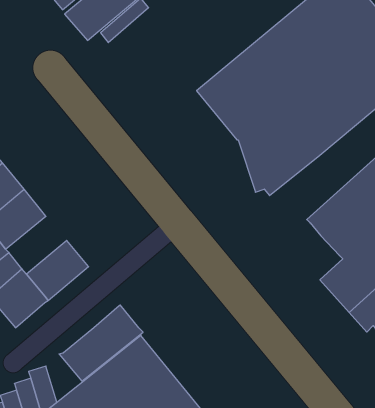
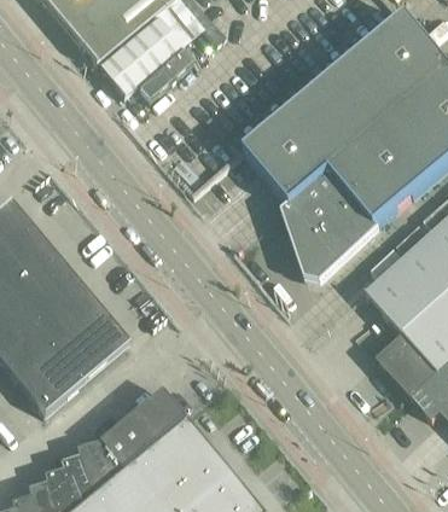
building: none -> [33,287,100,351]
building: none -> [75,440,117,493]

